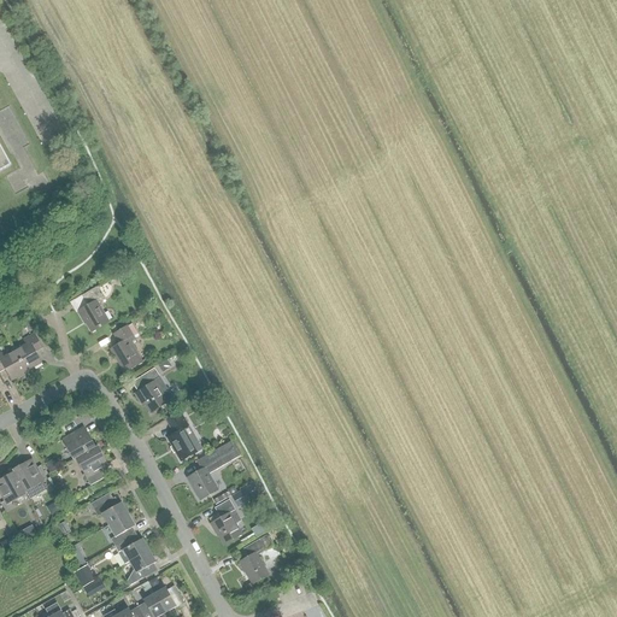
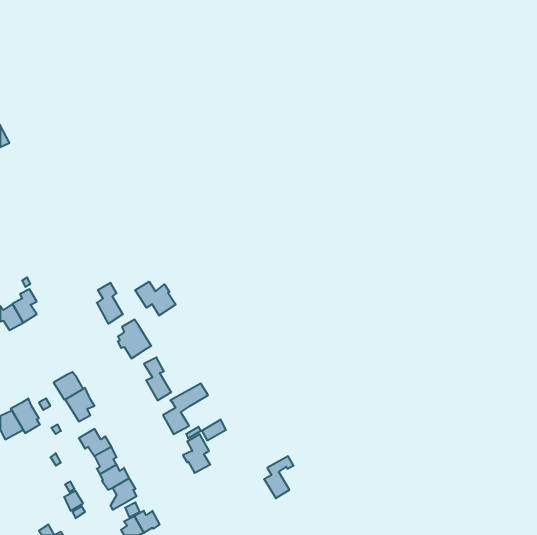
building: [77,286,108,330] -> none
building: none -> [135,282,176,316]
building: [239,534,272,582] -> [264,456,294,498]

